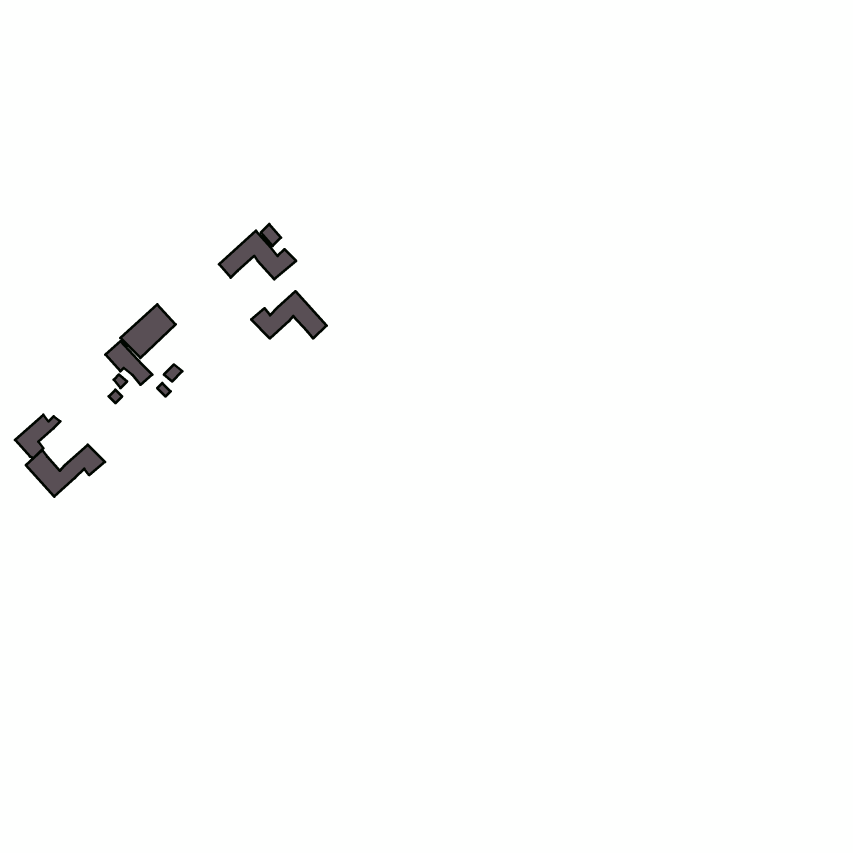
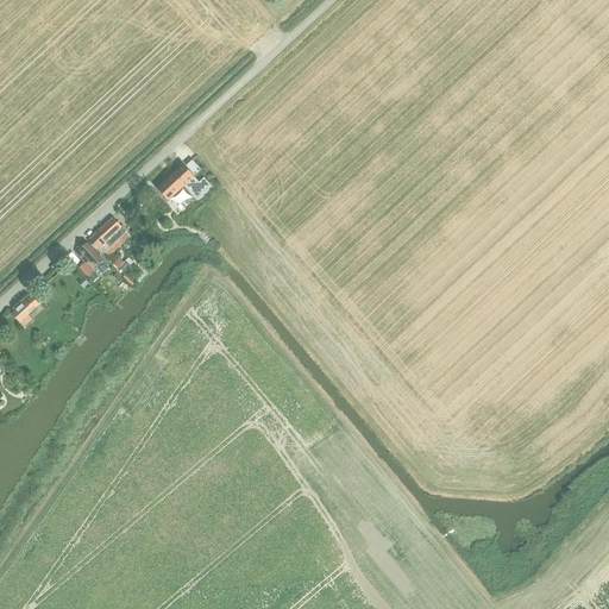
building: [251,291,327,338] -> none
building: [26,445,105,497] -> none

